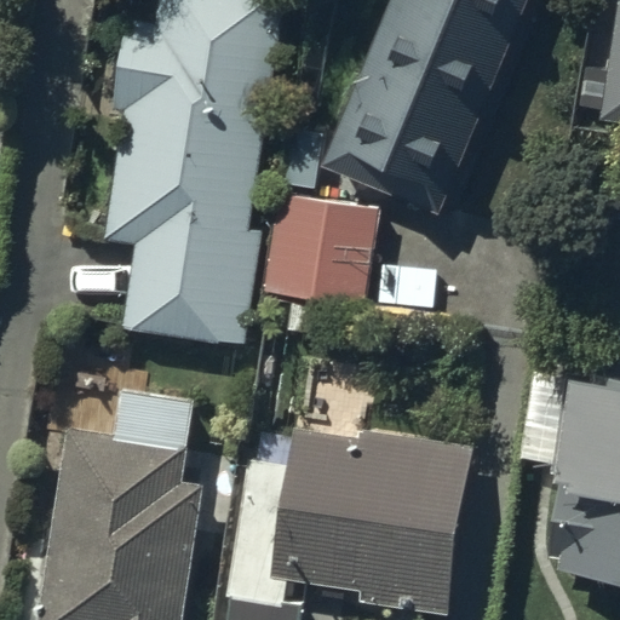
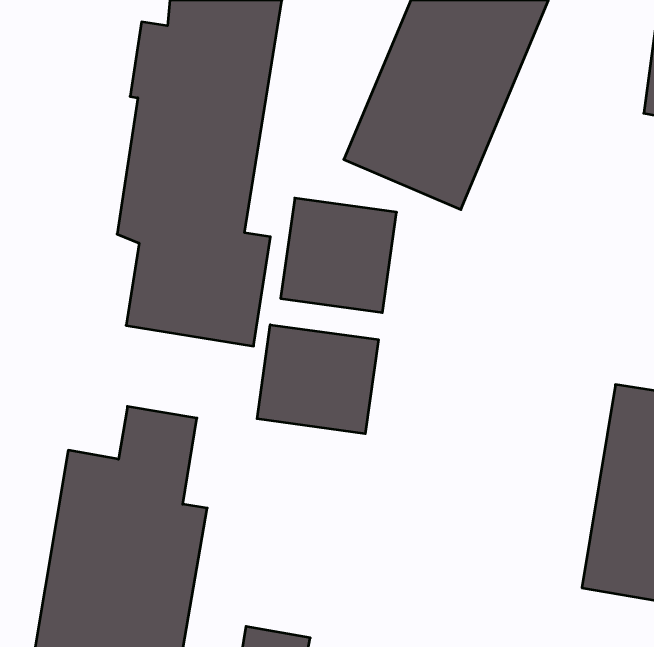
building: none -> [257,325,378,434]
building: [285,438,465,610] -> none

